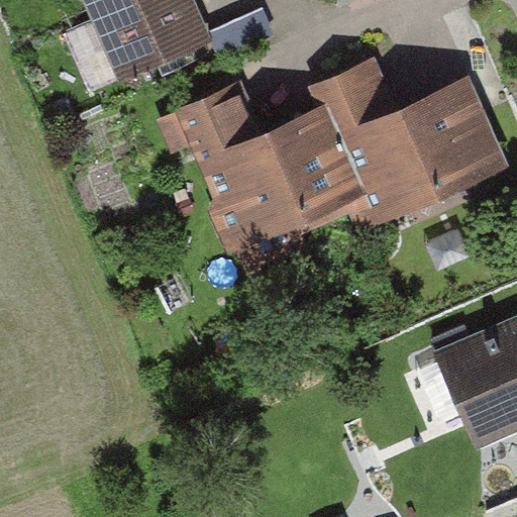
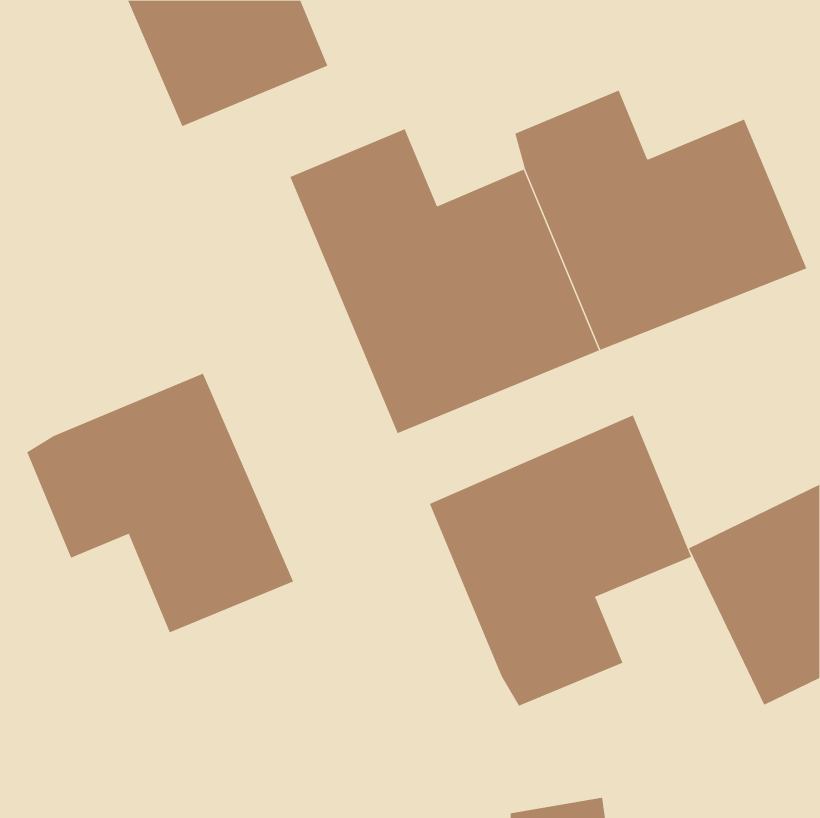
building: none -> [26,373,294,633]
building: none -> [429,415,692,707]

